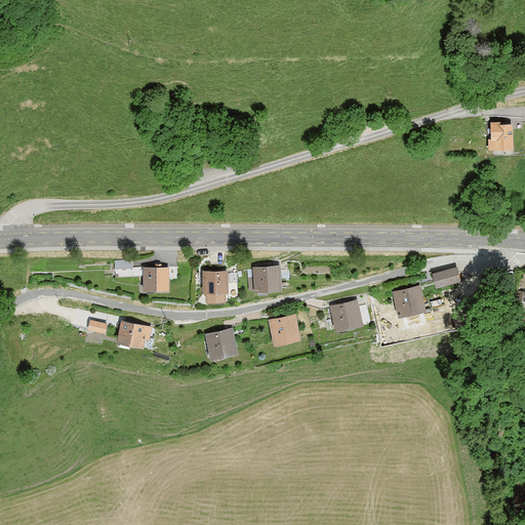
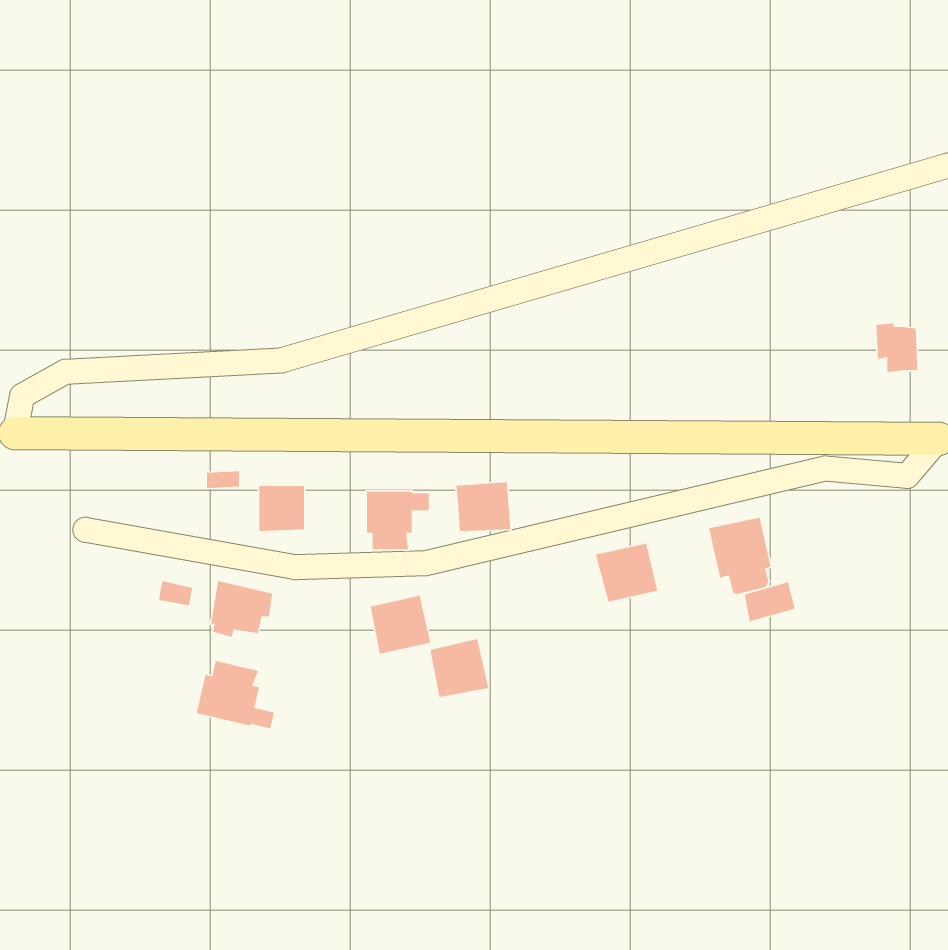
building: [489,119,513,147] -> [875,323,918,373]
building: [432,267,460,289] -> [744,581,796,622]
building: [268,314,300,347] -> [430,638,489,698]
building: none -> [196,660,275,729]

